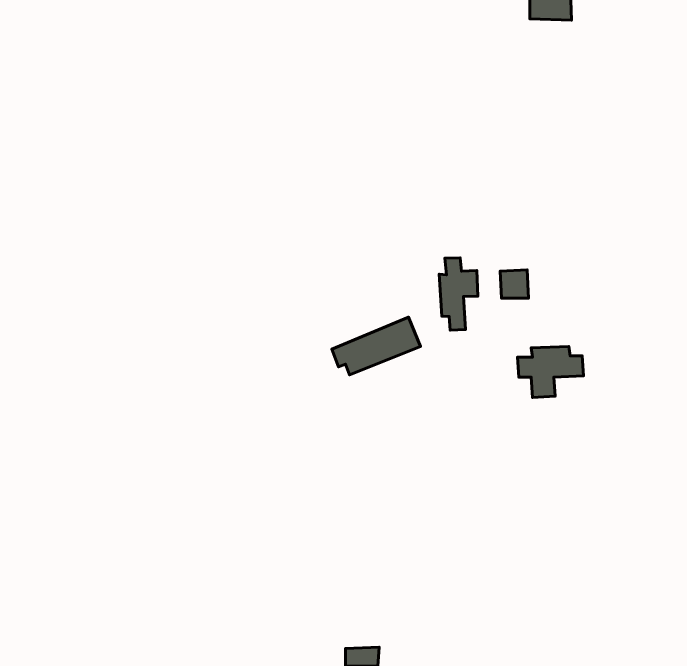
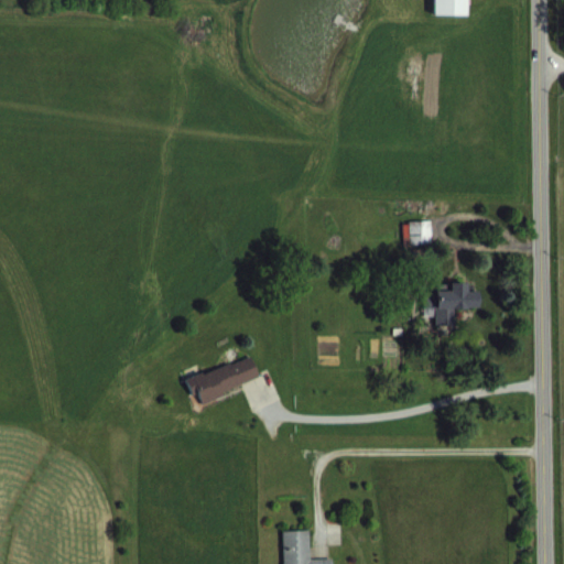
building: [439,258,478,330] -> none
building: [332,317,421,375] -> [188,356,261,403]

